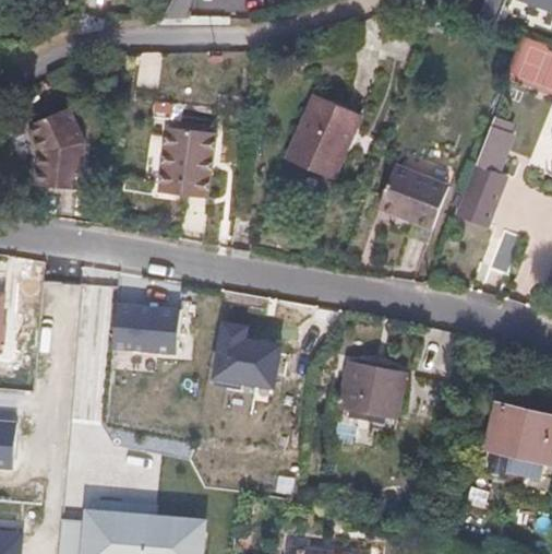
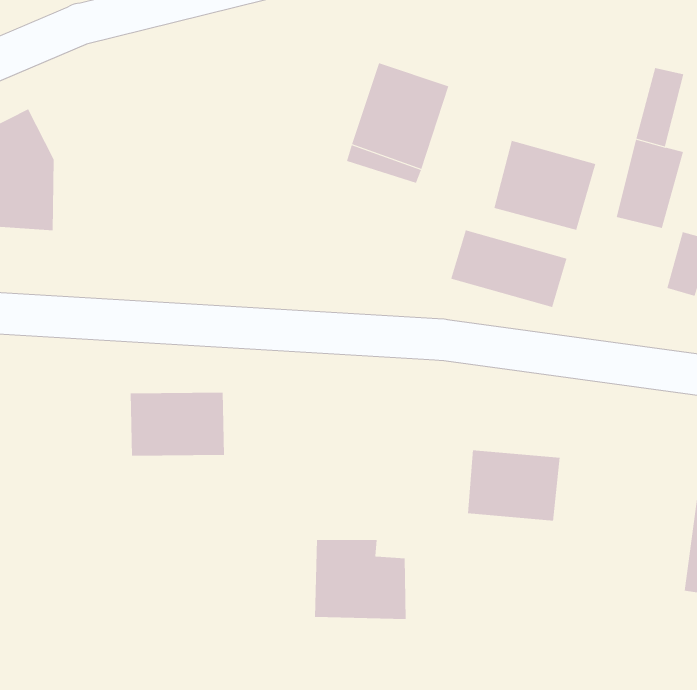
building: [152,116,209,187] -> none
building: none -> [451,229,567,308]
building: [217,330,283,390] -> [314,539,407,619]

